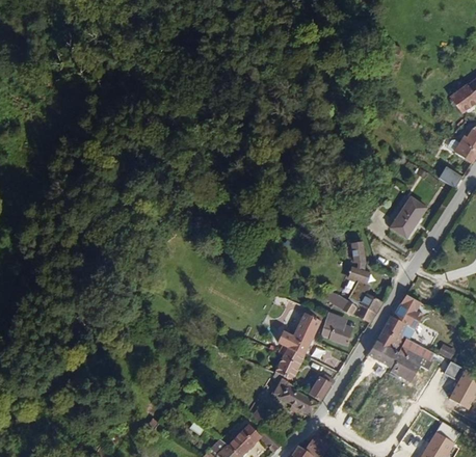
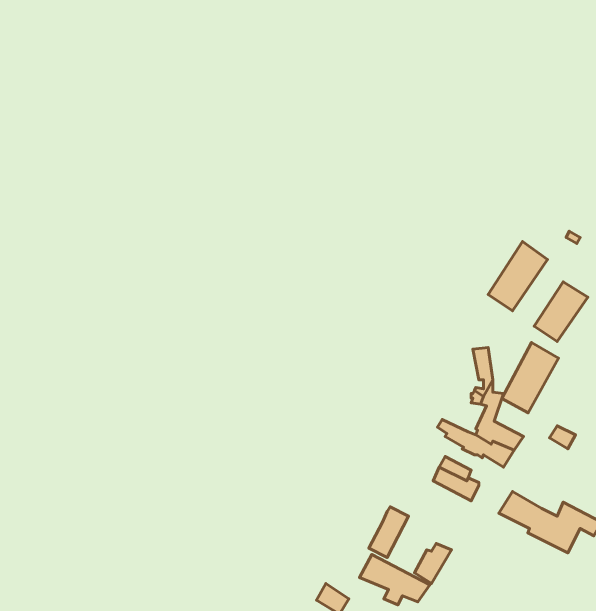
building: none -> [488,242,547,311]
building: none -> [502,342,559,413]
building: [376,316,408,350] -> none
building: [276,319,320,355] -> none

